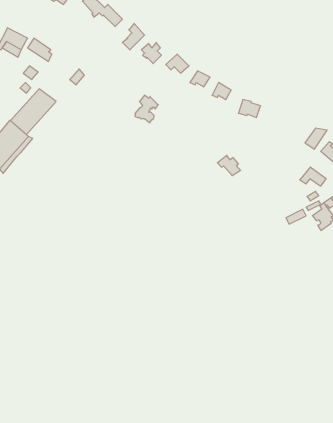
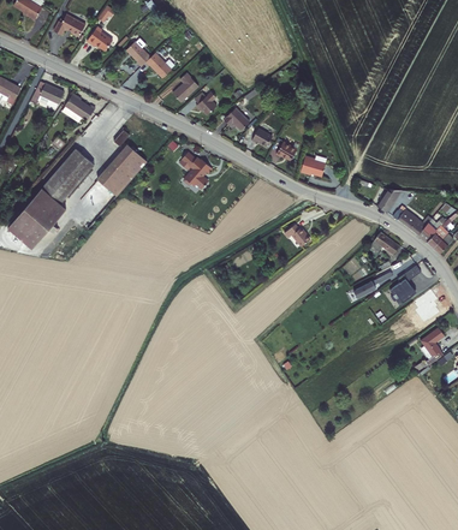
building: none -> [100,142,150,191]

